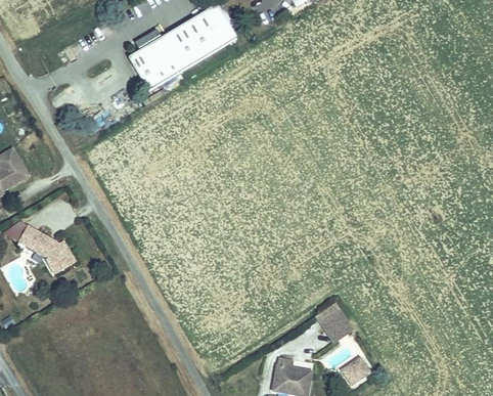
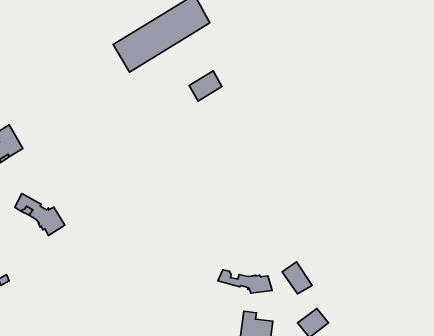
building: none -> [189,71,222,101]
building: none -> [218,270,272,293]

